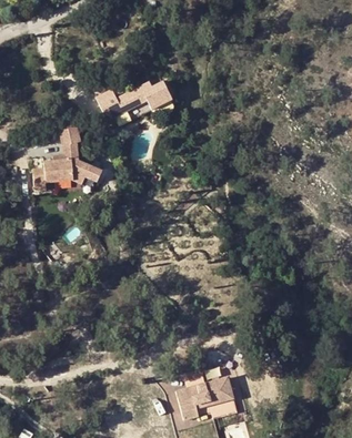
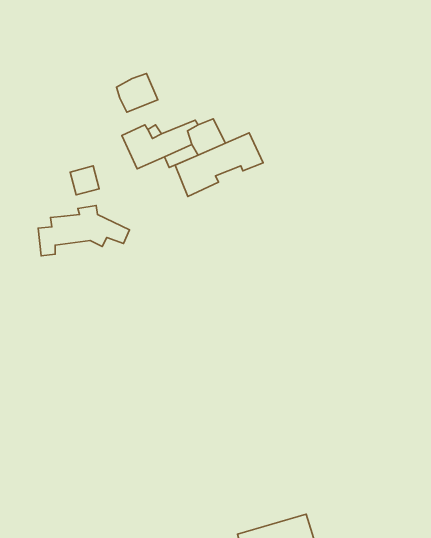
building: none -> [116,74,158,112]
building: none -> [175,133,263,196]

